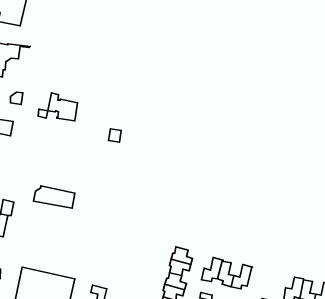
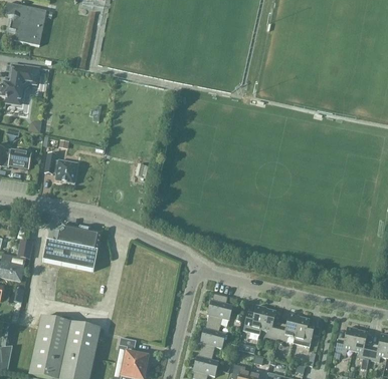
building: [48,93,77,121] -> [44,152,77,183]
building: none -> [42,240,98,271]
building: none -> [294,317,314,347]

